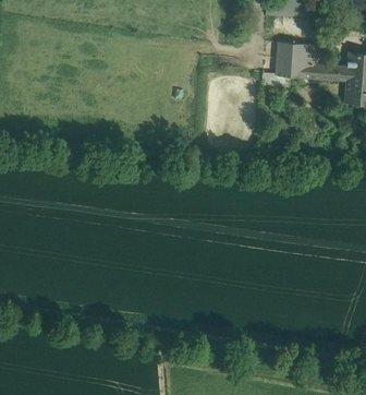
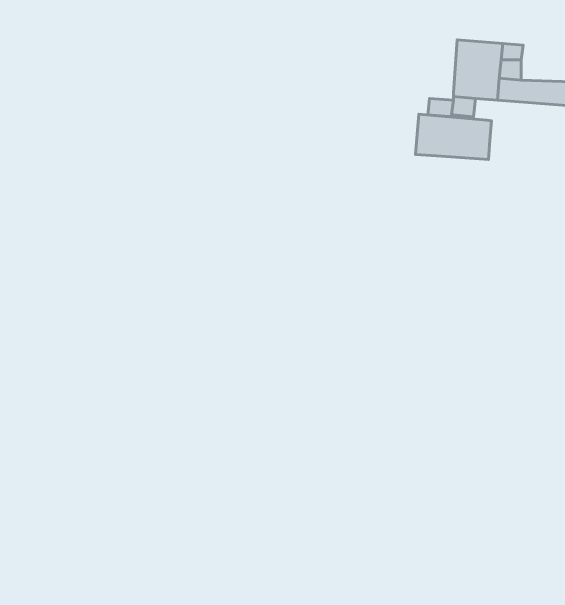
building: none -> [415,114,491,160]

